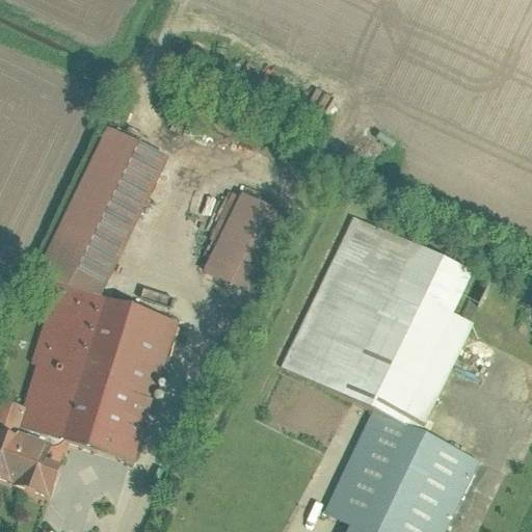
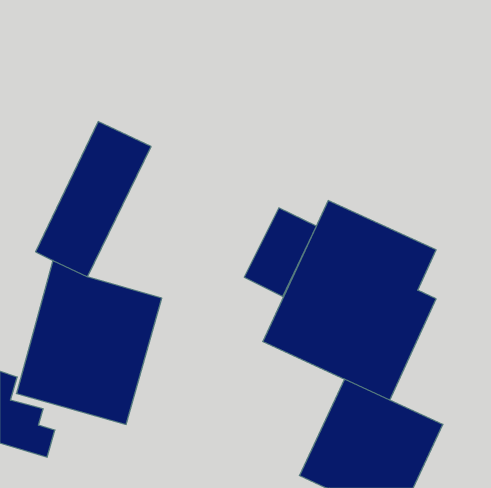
building: [204,192,282,288] -> [244,208,316,297]

